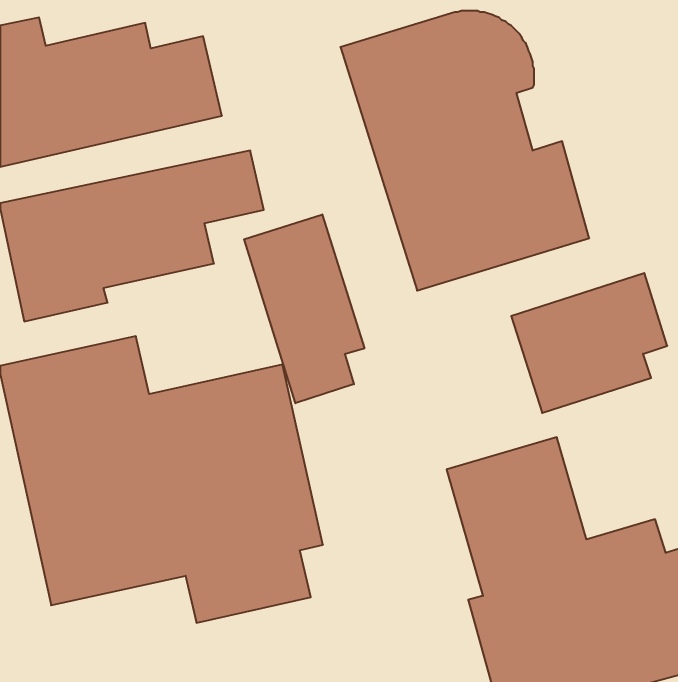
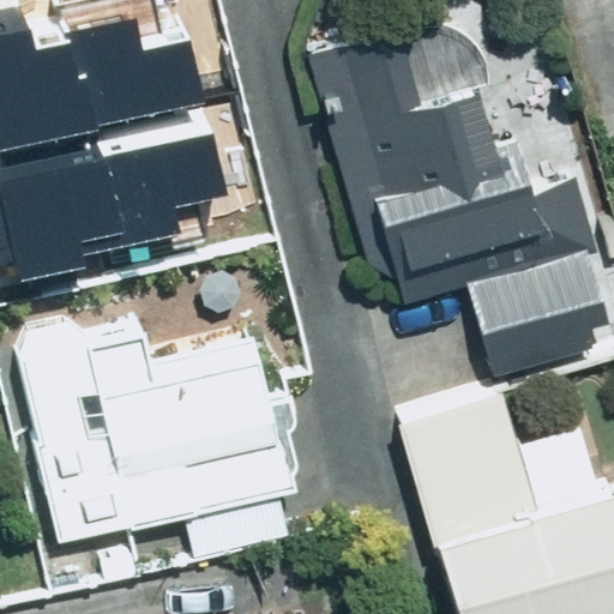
building: [244,214,364,403] -> none

